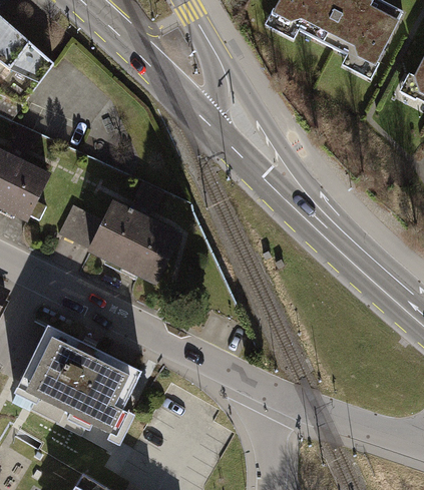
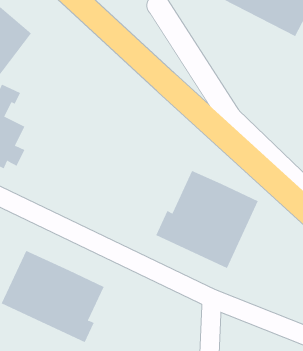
building: [59,181,179,286] -> none
building: none -> [155,170,259,269]

